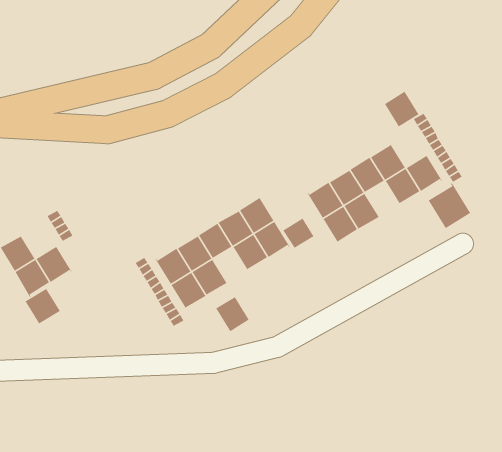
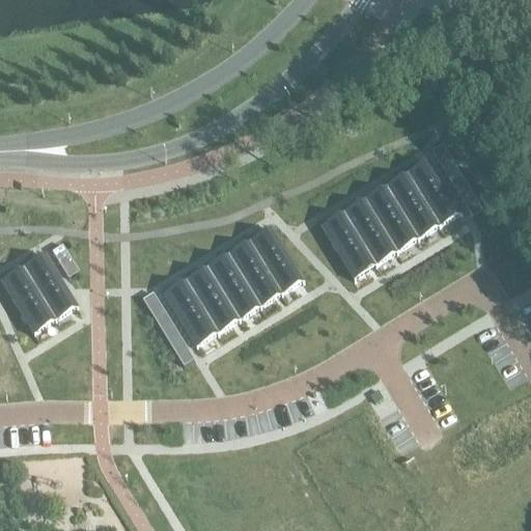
building: [382,89,419,128] -> [404,157,443,197]
building: none -> [379,211,416,250]
building: [426,182,471,229] -> none
building: [281,218,314,250] -> none
building: none -> [21,251,59,291]
building: [25,286,63,325] -> none
building: [215,296,251,334] -> [221,279,258,318]

